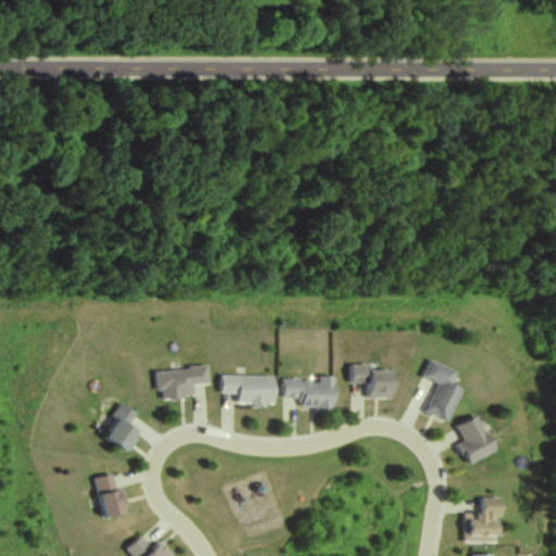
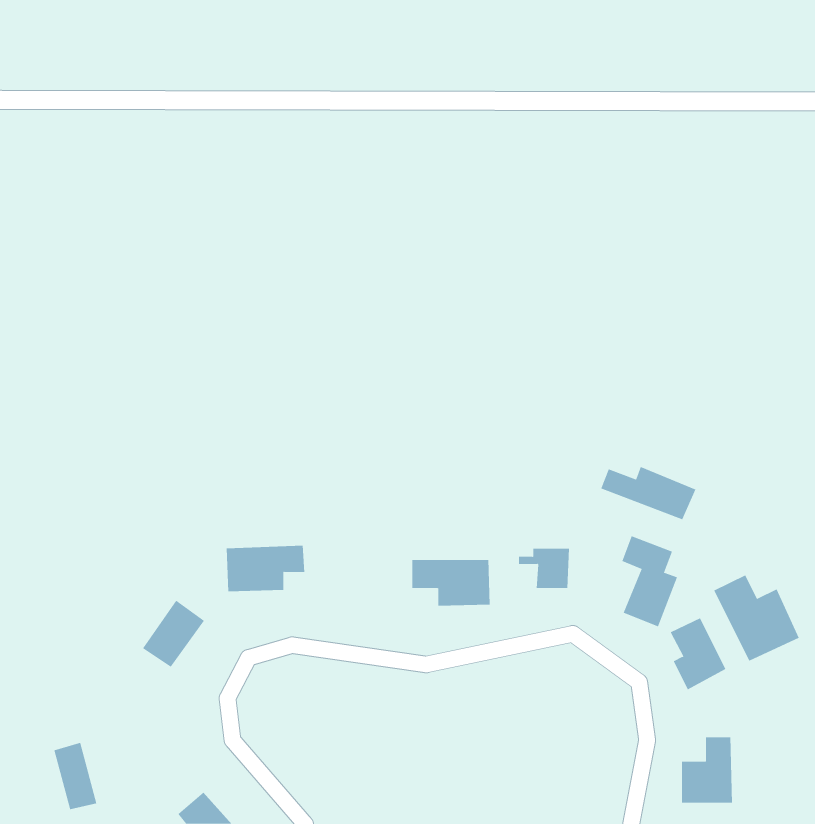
building: none -> [601,466,696,520]
building: [222,375,275,403] -> none
building: none -> [714,574,799,661]
building: [94,472,124,518] -> [53,742,97,810]

